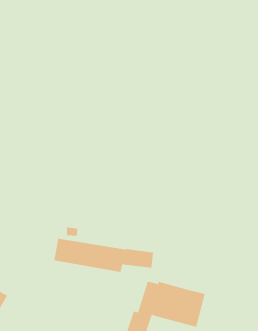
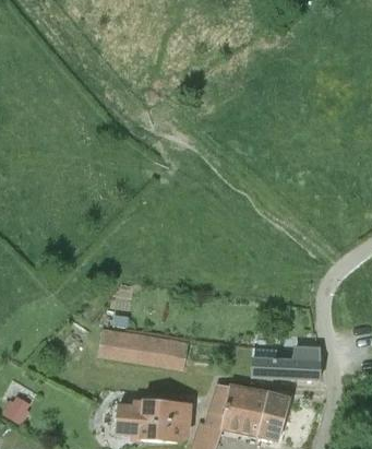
building: none -> [251,345,321,379]
building: none -> [115,402,189,441]

